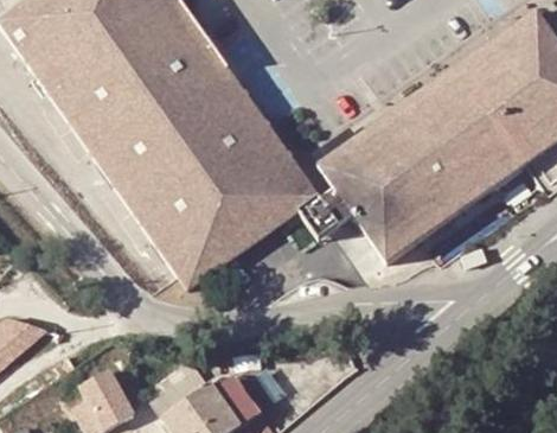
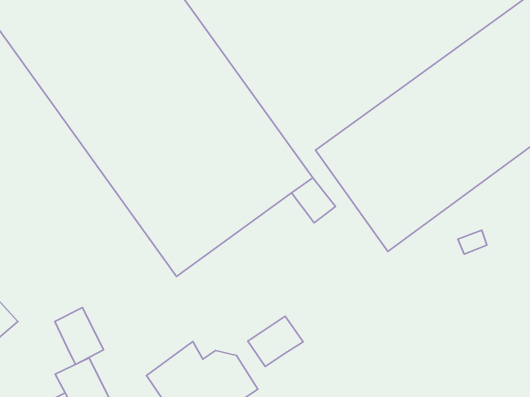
building: none -> [55,308,103,364]
building: none -> [248,316,303,366]

